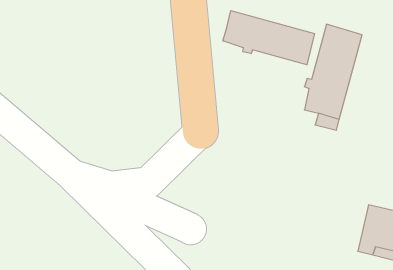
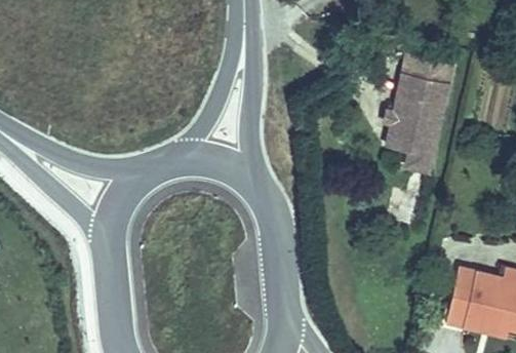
building: [223,11,315,65] -> none

